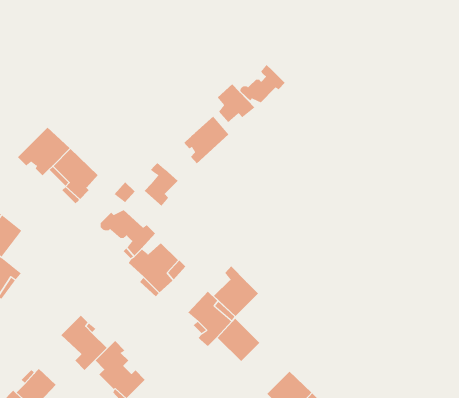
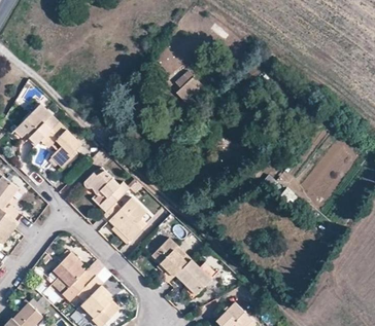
building: [240,64,285,103] -> none
building: [183,116,229,164] -> none
building: [144,162,178,206] -> none
building: [213,266,259,317] -> none

